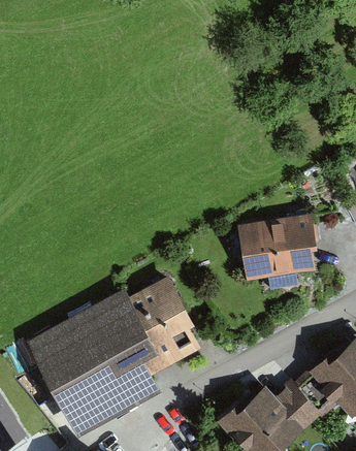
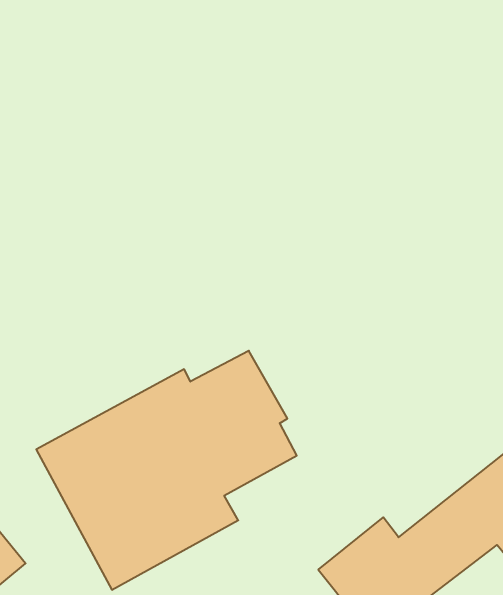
building: [237,212,317,281] -> none

